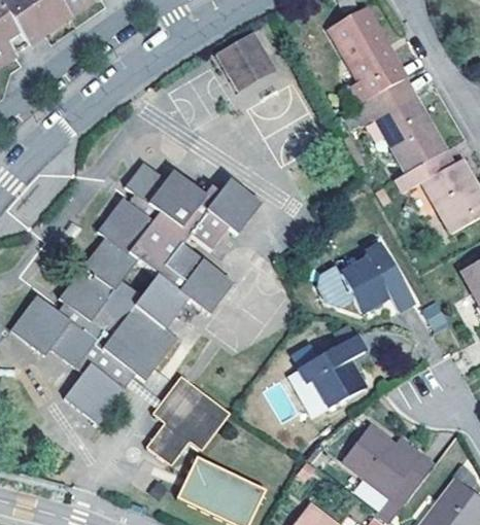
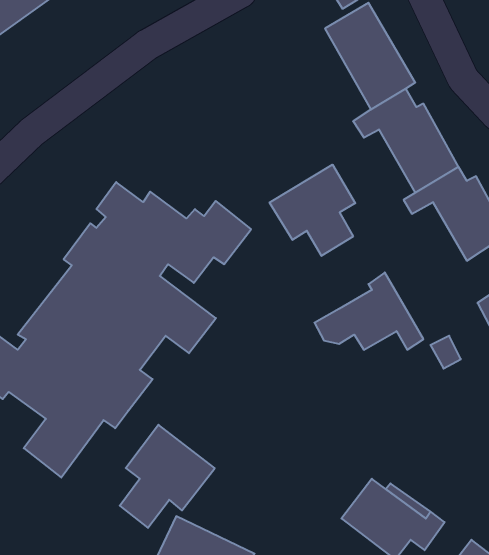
building: [215,32,274,92] -> none
building: none -> [270,165,355,256]
building: [298,334,367,409] -> none

